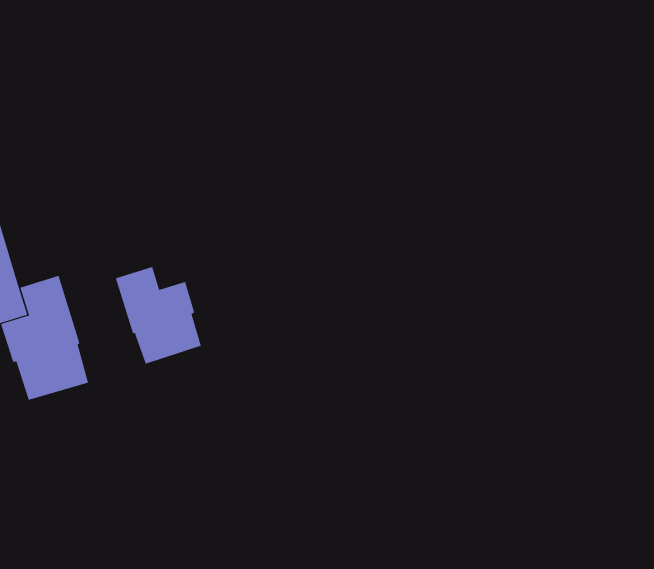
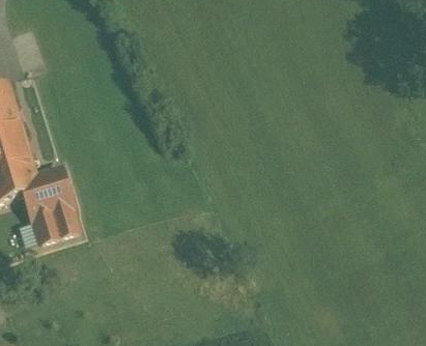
building: [115,266,202,365] -> none

